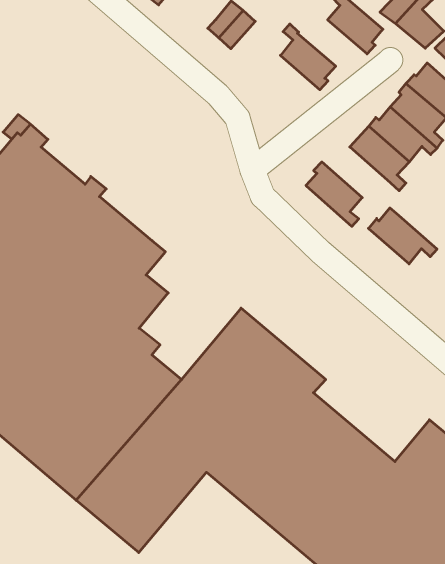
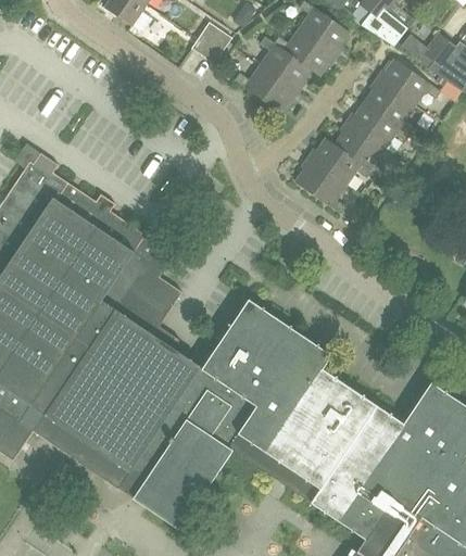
building: none -> [273,29,338,77]
building: none -> [235,66,299,113]
building: [368,208,437,264] -> [307,138,371,187]

